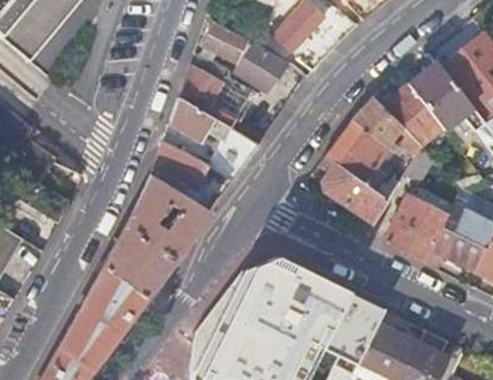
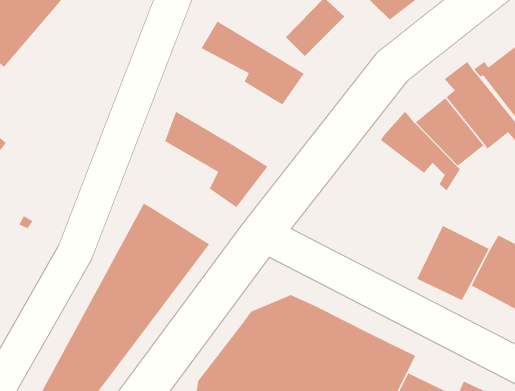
building: [179,64,232,126] -> none
building: [321,123,411,224] -> none
building: [153,142,230,213] -> none

